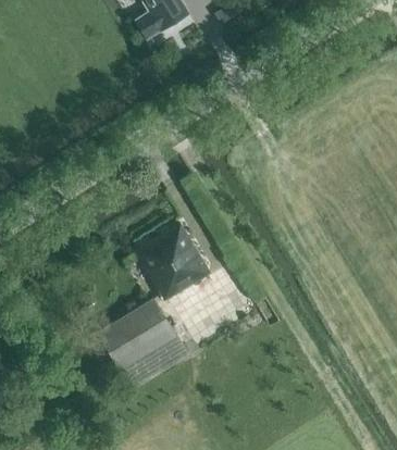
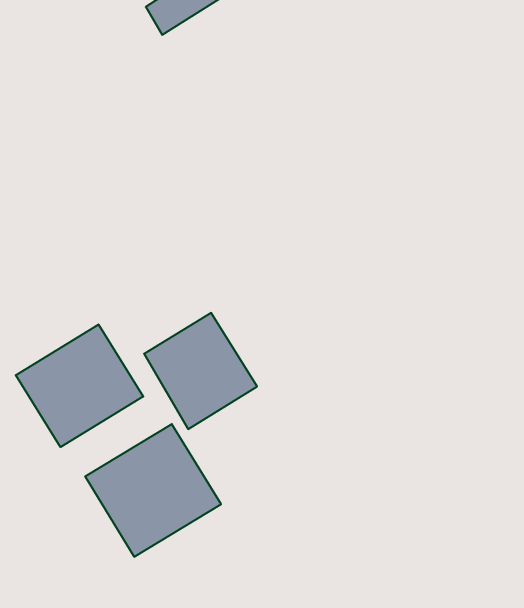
building: none -> [16,324,143,447]

